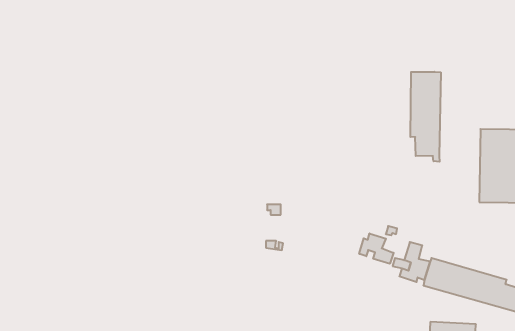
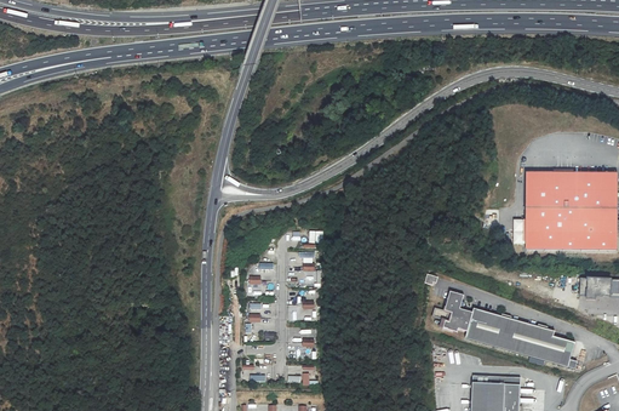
building: [410,72,441,162] -> none
building: [359,233,394,264] -> none

